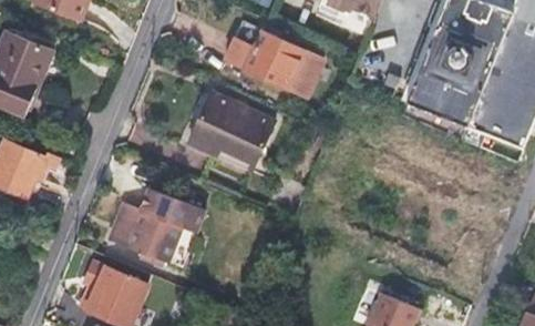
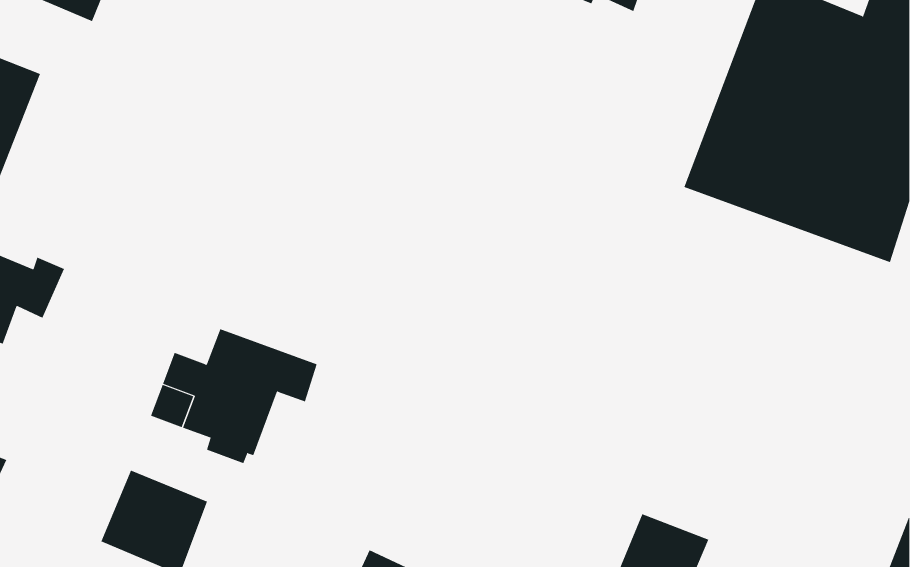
building: [229,21,328,93] -> none
building: [185,90,275,174] -> none

